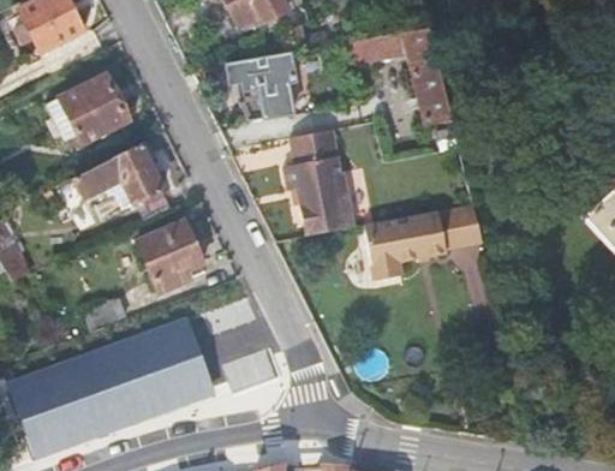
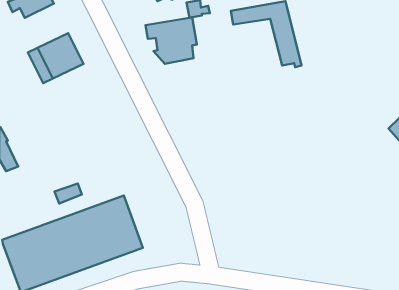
building: [283,133,353,236] -> none
building: [73,145,162,210] -> none
building: [363,204,483,281] -> none
building: [136,221,203,293] -> none

